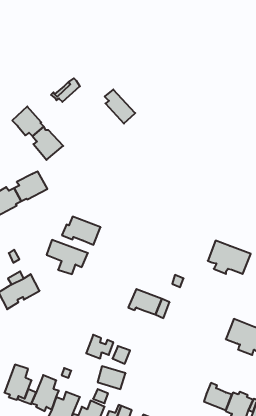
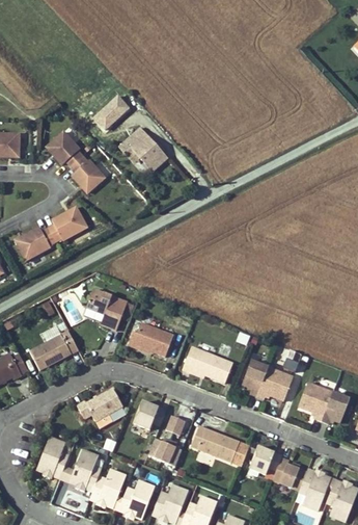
building: [105,89,135,124] -> [131,131,167,172]
building: [62,217,101,245] -> [129,323,174,357]
building: [208,241,251,274] -> [243,361,294,400]
building: none -> [75,386,122,429]
building: none -> [189,426,239,464]
building: none -> [250,446,282,474]

